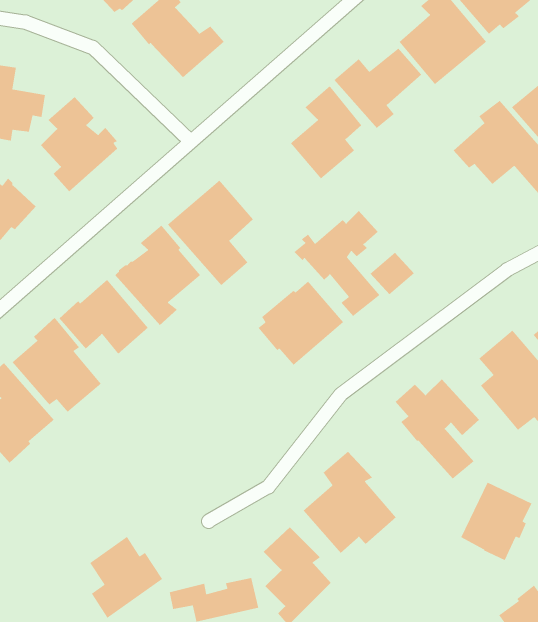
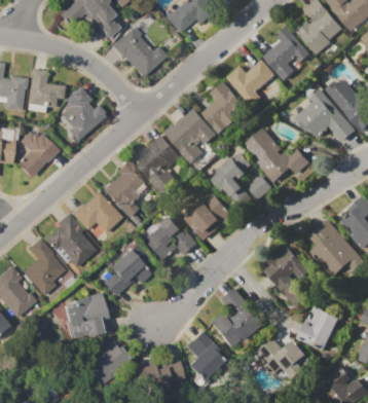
building: none -> [163,108,217,163]
building: none -> [244,126,309,181]
building: none -> [143,216,197,259]
building: none -> [103,243,150,295]
building: none -> [63,292,110,338]
building: none -> [257,336,307,377]

